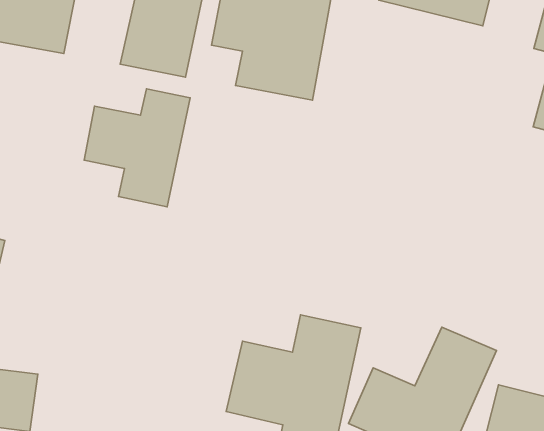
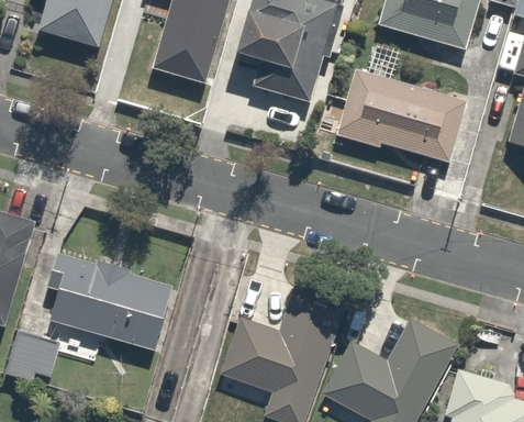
building: none -> [331,64,469,160]
building: [84,89,190,207] -> none
building: none -> [45,248,175,353]

